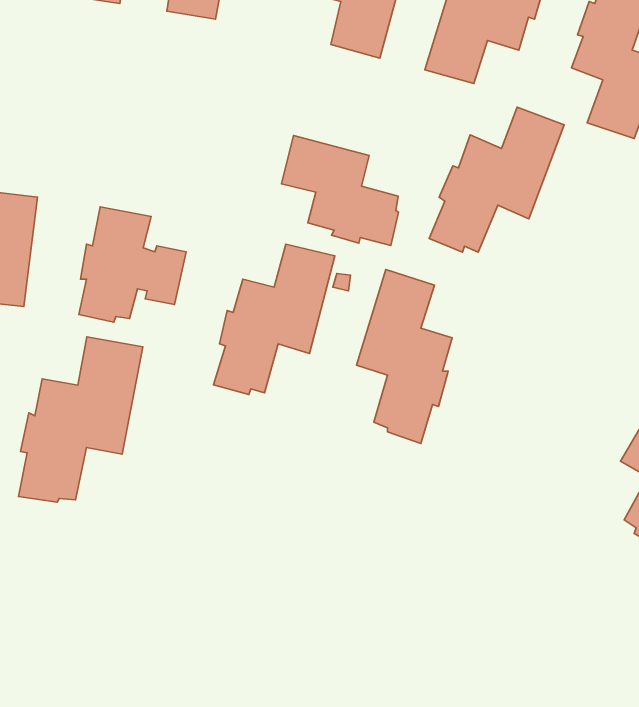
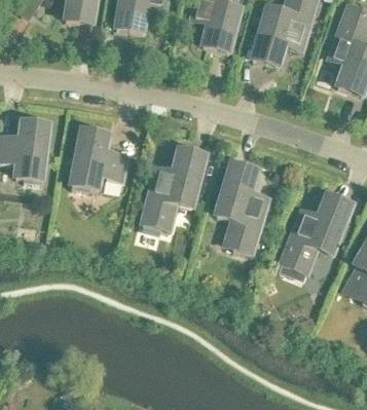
building: [429,107,564,252] -> [280,195,351,271]
building: [281,136,398,246] -> none
building: [18,337,143,502] -> none

